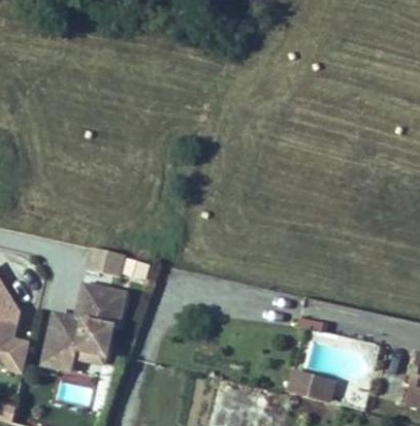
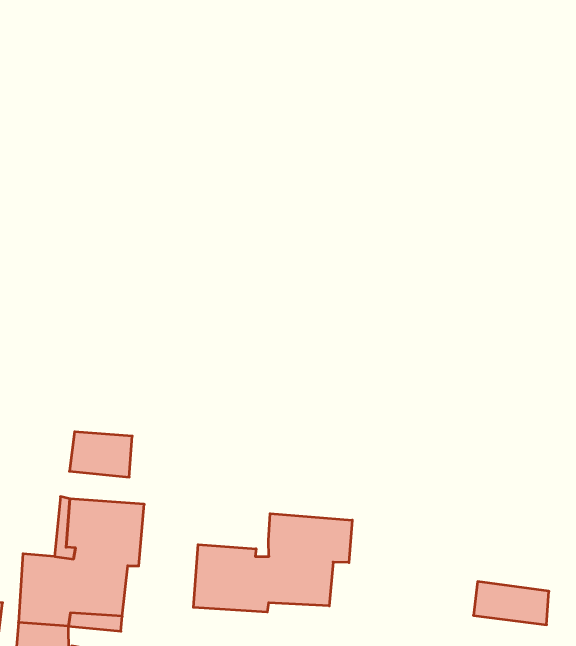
building: none -> [193,514,352,612]

